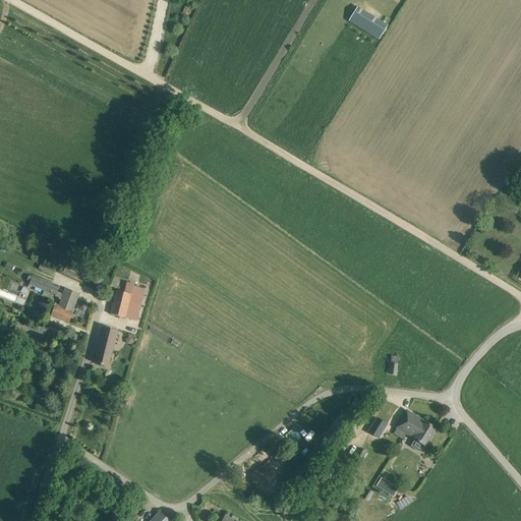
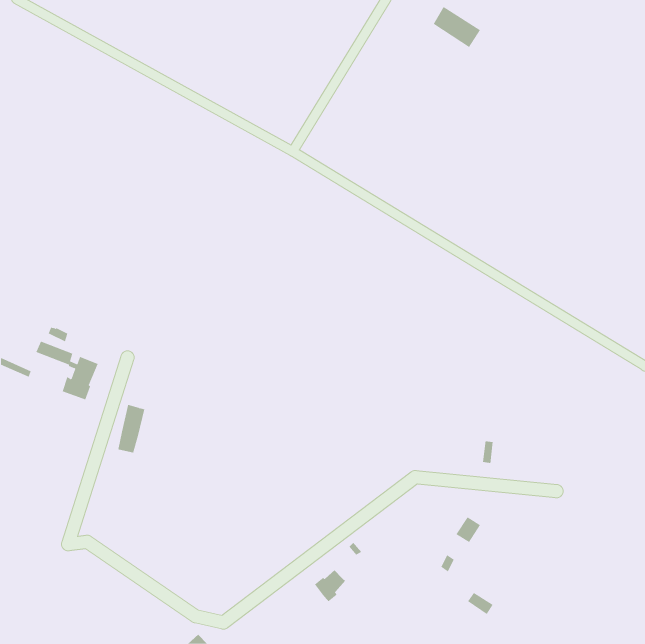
building: [110,285,144,320] -> none
building: [396,409,436,451] -> none

